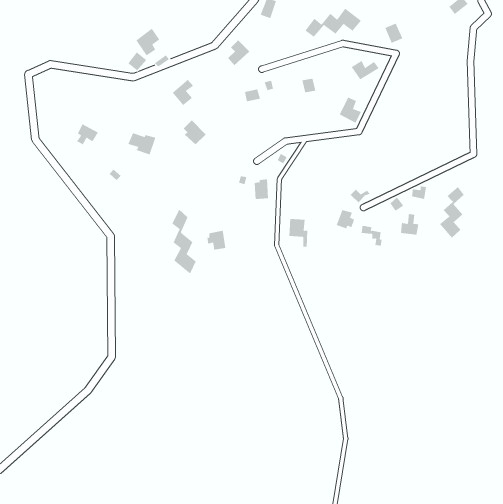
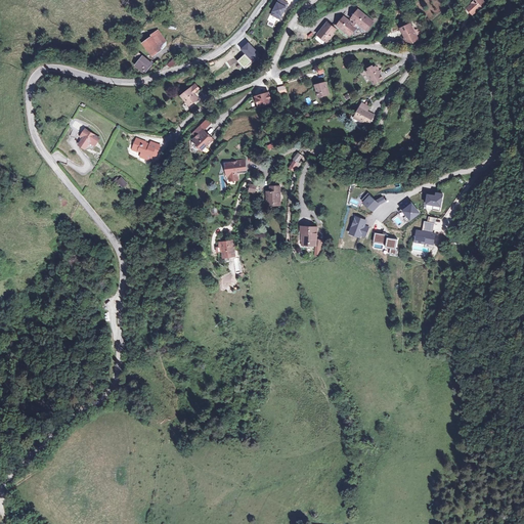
building: none -> [223,158,247,181]
building: [439,186,465,239] -> none
building: [171,209,196,275] -> none

